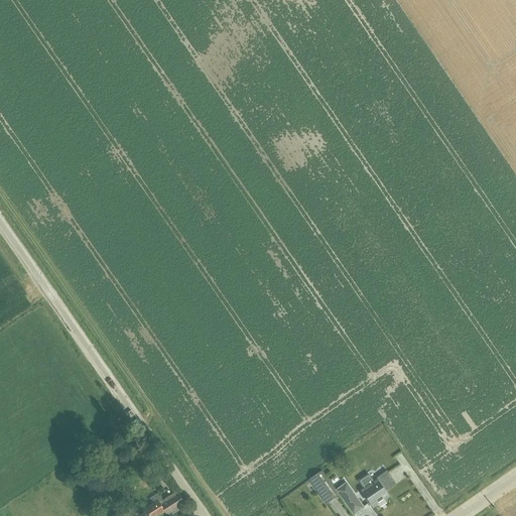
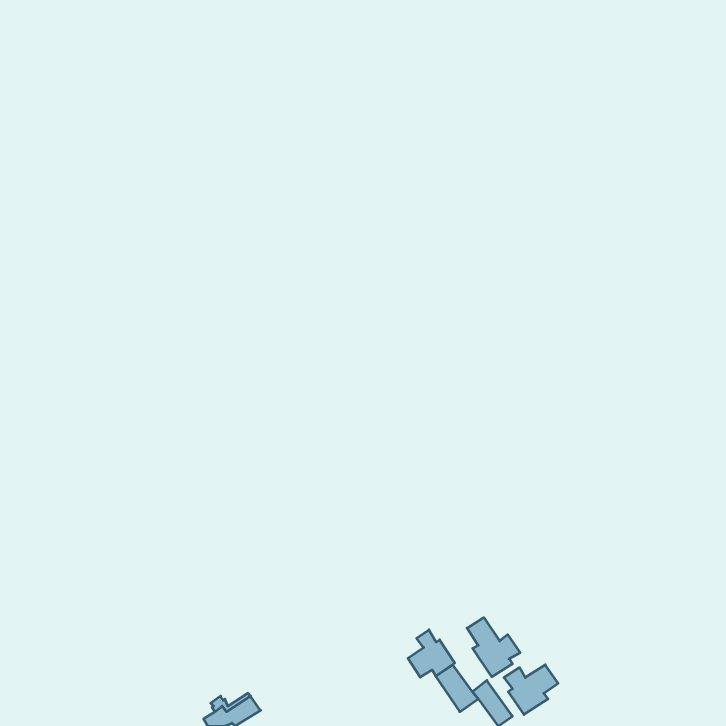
building: none -> [467,618,520,677]
building: none -> [408,630,455,677]

